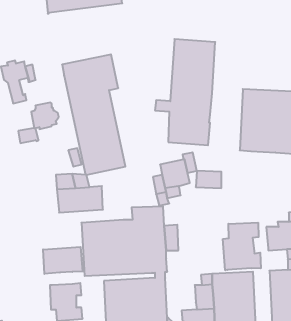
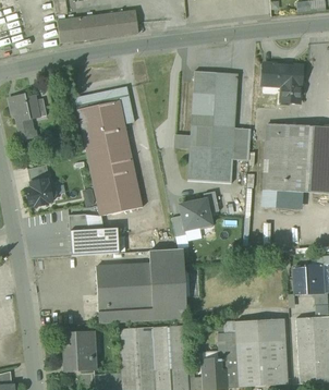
building: none -> [269,63,302,102]
building: none -> [232,127,251,160]
building: [31,103,59,129] -> [26,178,56,206]
building: [196,171,221,188] -> [276,190,303,208]
building: [223,223,261,270] -> none
building: [43,247,83,274] -> none

